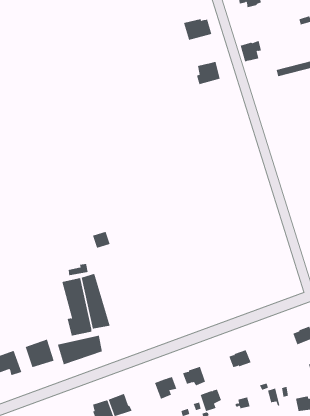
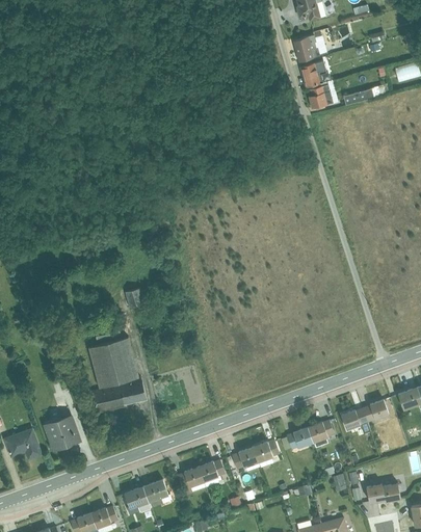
building: [183,18,212,40] -> [292,35,326,61]
building: [196,61,221,85] -> [308,80,337,108]
building: none -> [340,408,370,433]
building: [57,335,103,365] -> none
building: none -> [307,420,334,448]
building: none -> [177,467,205,495]
building: [200,389,222,412] -> [253,440,279,467]

